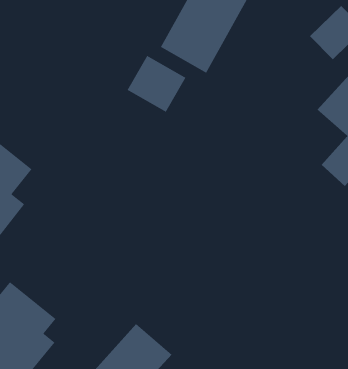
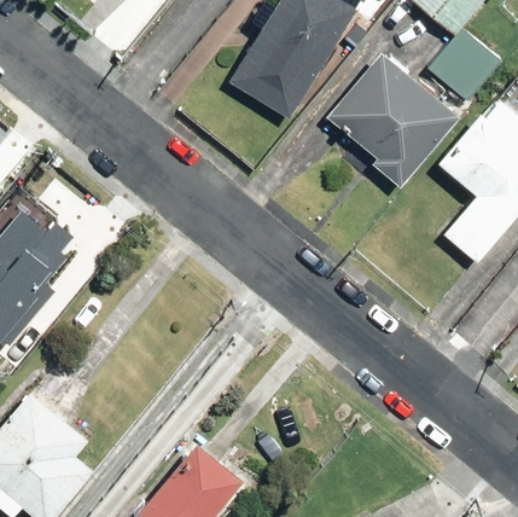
building: none -> [326,52,459,187]
building: [126,55,187,113] -> none

